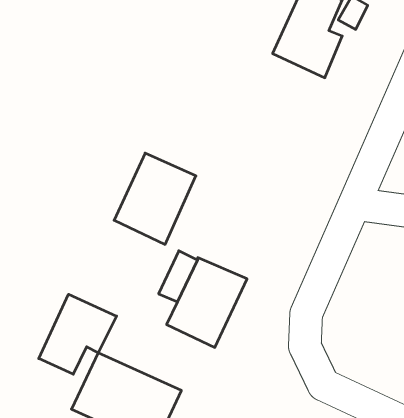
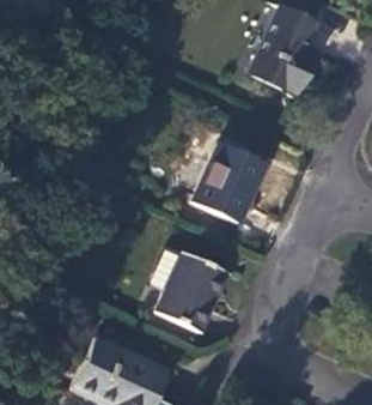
building: [114,153,196,244] -> [193,141,266,223]
building: [39,294,117,374] -> none

